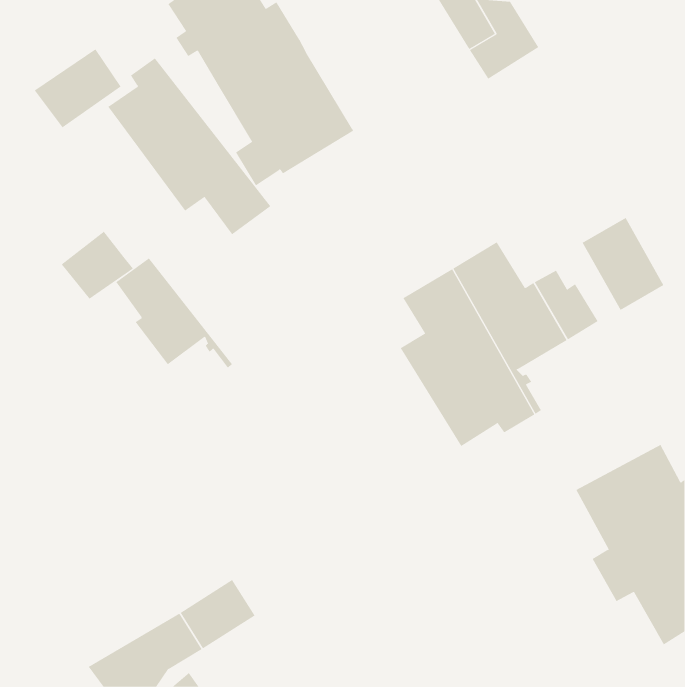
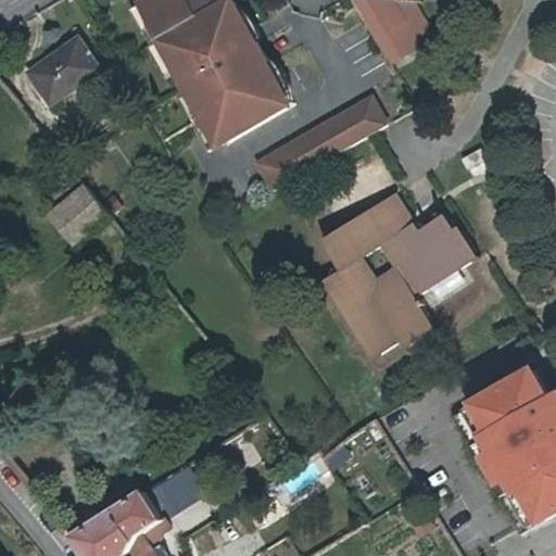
building: [108,58,271,235] -> none
building: none -> [255,94,384,188]
building: [582,217,664,311] -> none
building: [115,258,233,368] -> none

